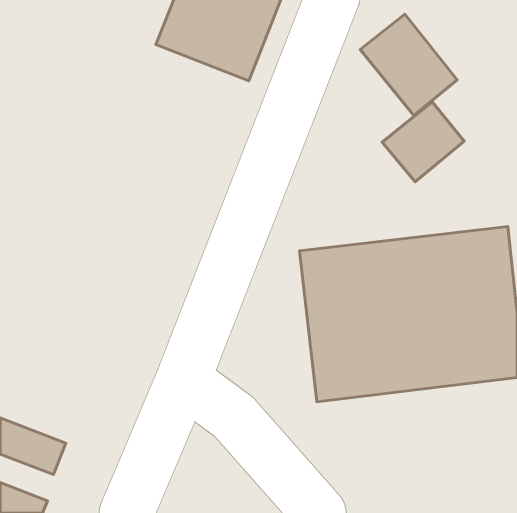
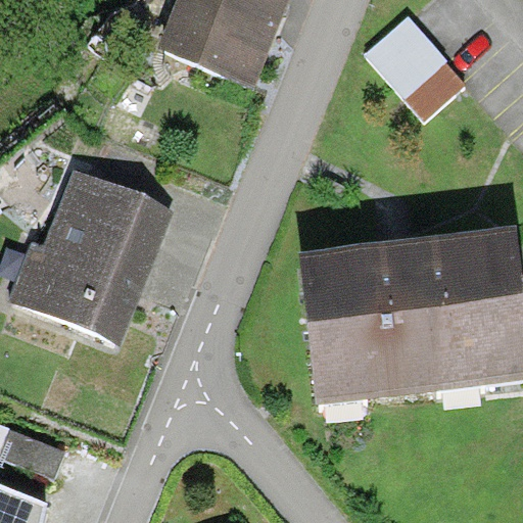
building: [382,102,464,182] -> none
building: none -> [14,173,171,342]

